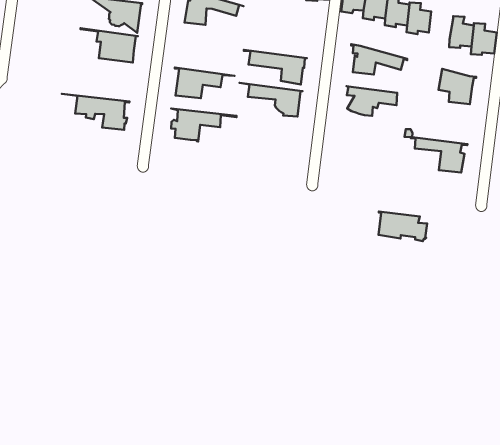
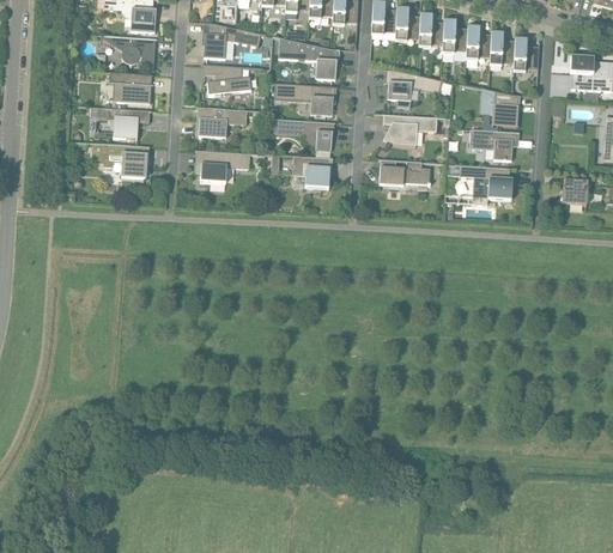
building: none -> [272,37,339,80]
building: none -> [465,26,491,60]
building: none -> [200,65,266,95]
building: none -> [90,108,148,139]
building: none -> [468,129,518,160]
building: none -> [292,156,332,189]
building: [379,212,427,241] -> [377,159,430,188]

